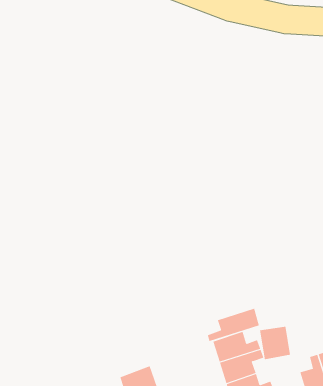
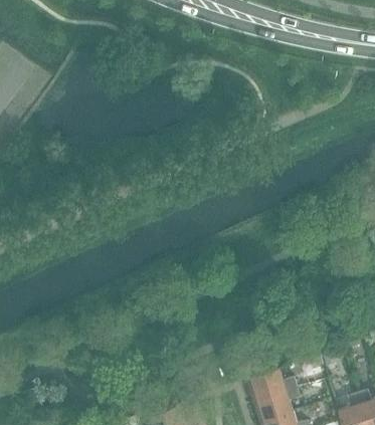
building: [207,308,260,342] -> none

